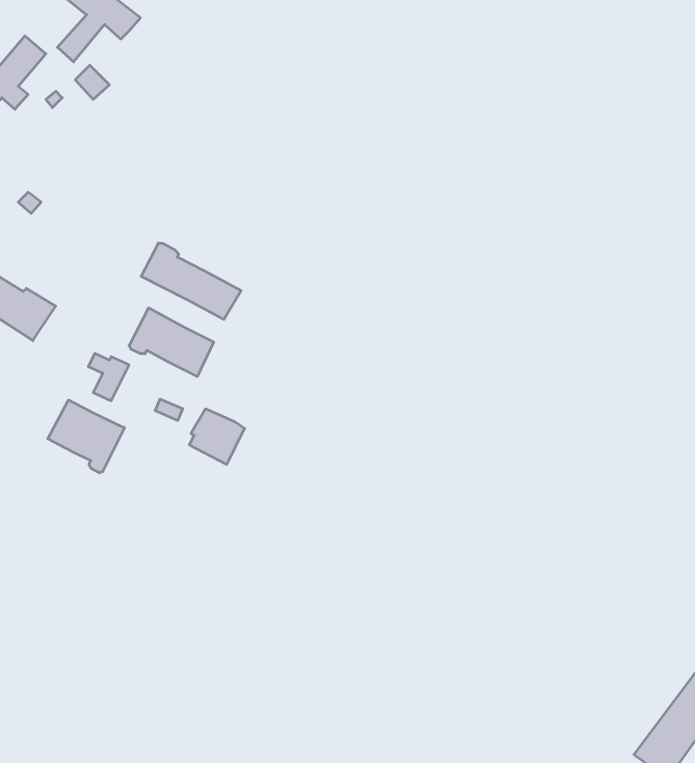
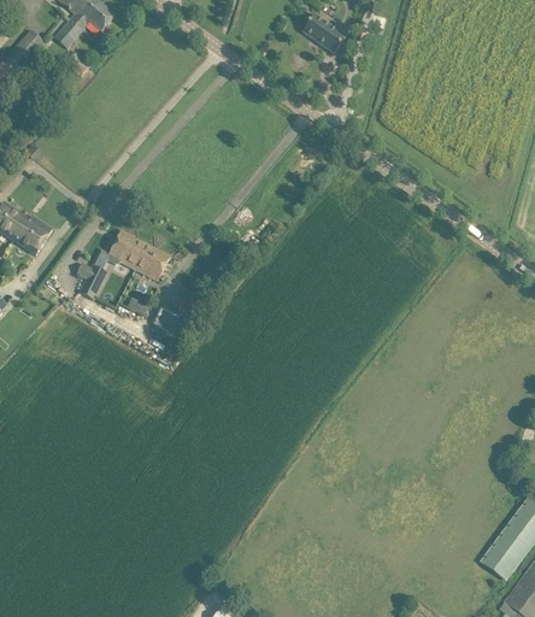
building: none -> [302,14,348,54]
building: [141,243,241,319] -> none
building: [48,400,125,473] -> none

